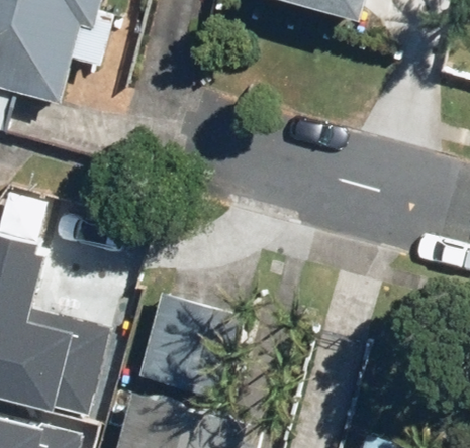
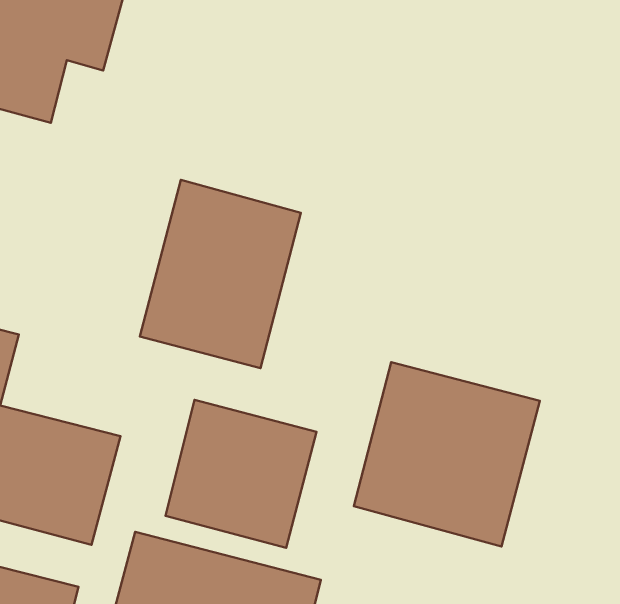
building: none -> [140,180,301,368]
building: none -> [354,362,540,547]

